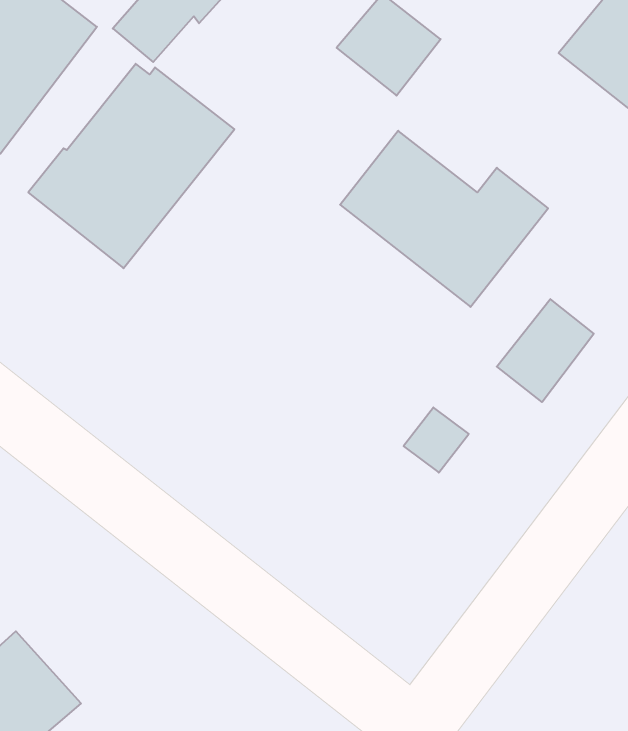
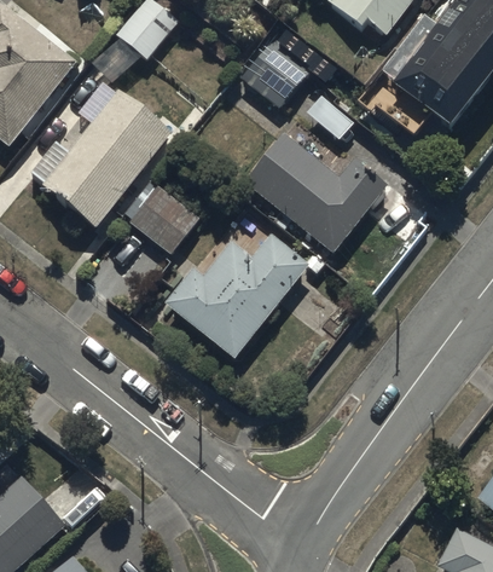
building: none -> [124,181,202,256]
building: none -> [166,232,308,356]
building: [497,299,594,402] -> none

